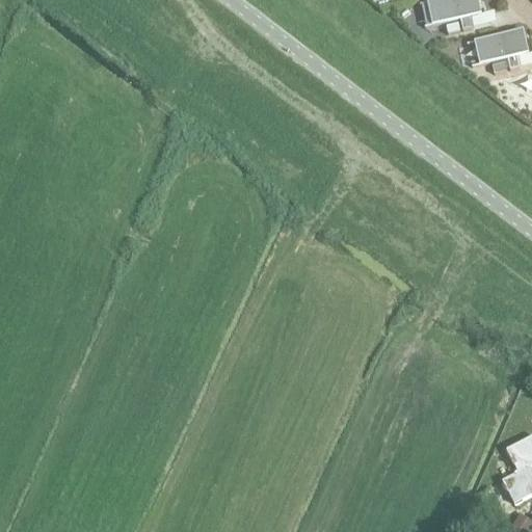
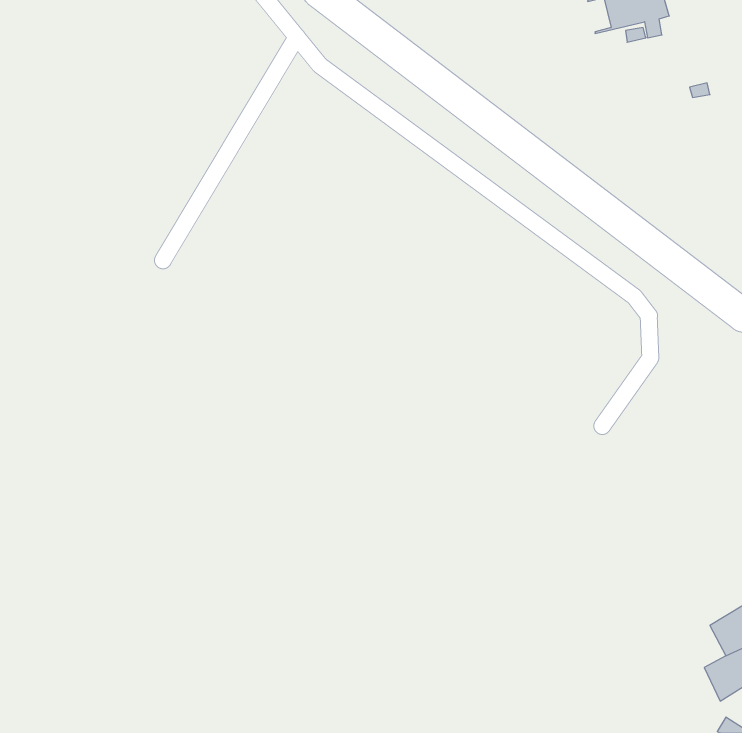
building: [468,28,526,66] -> none

